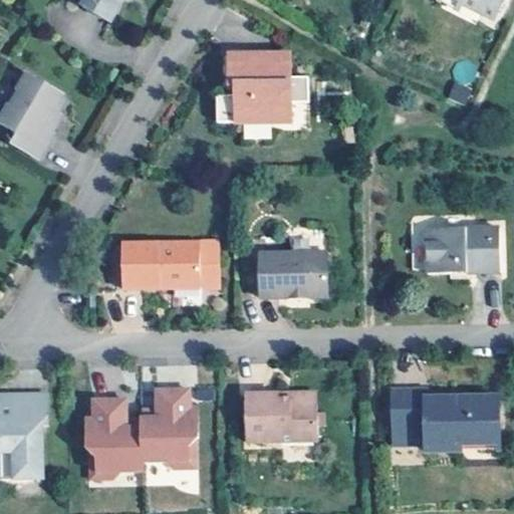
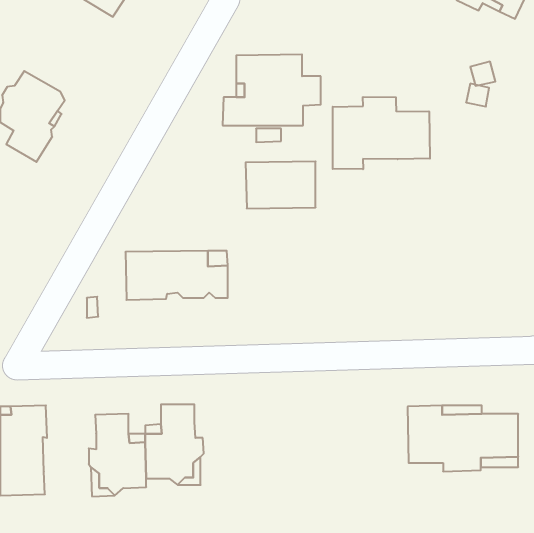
building: none -> [333,97,430,169]
building: [414,225,501,271] -> none
building: [259,252,326,297] -> [246,161,316,208]
building: [246,391,317,441] -> none

